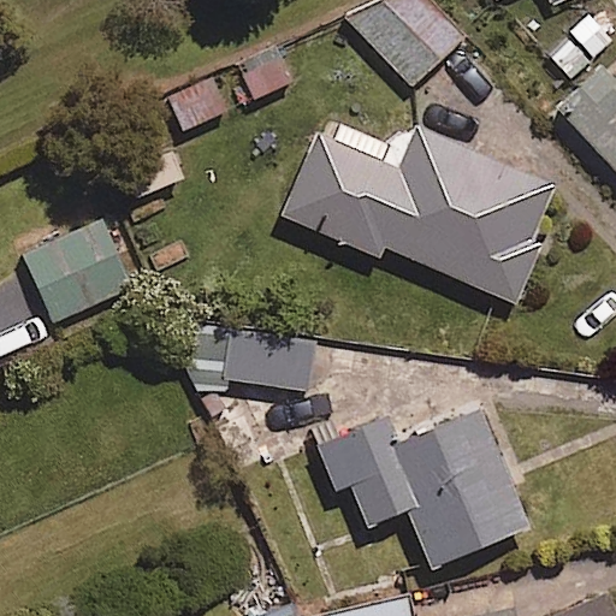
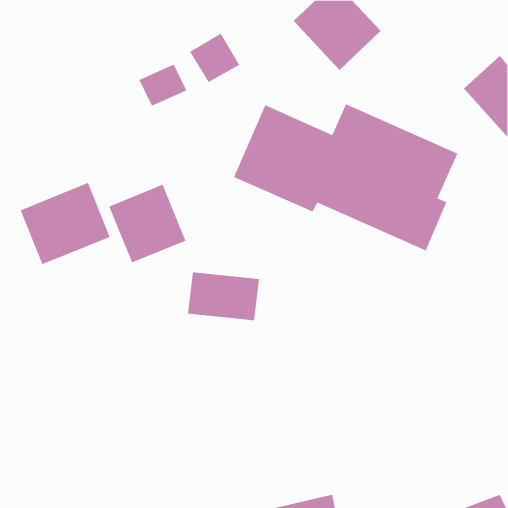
building: none -> [108,184,186,263]
building: [319,413,525,565] -> none

